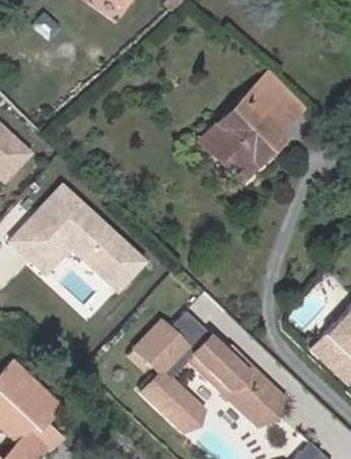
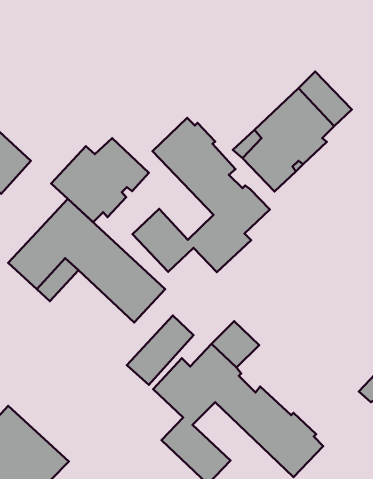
building: none -> [132,118,270,272]
building: none -> [51,138,149,222]
building: none -> [127,315,194,385]

